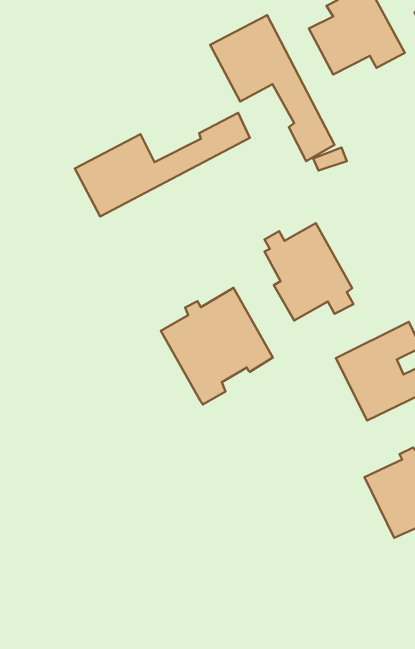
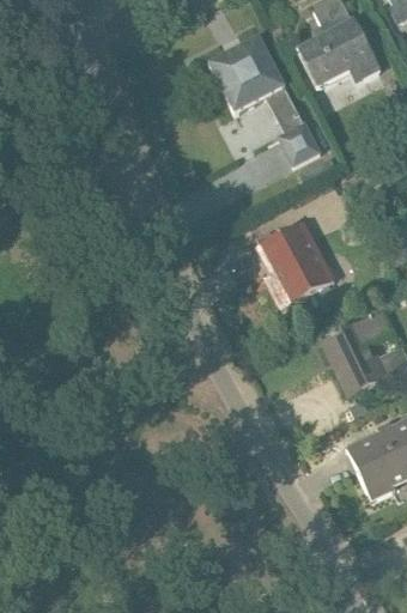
building: [75,113,250,217] -> none
building: [161,288,273,405] -> none

